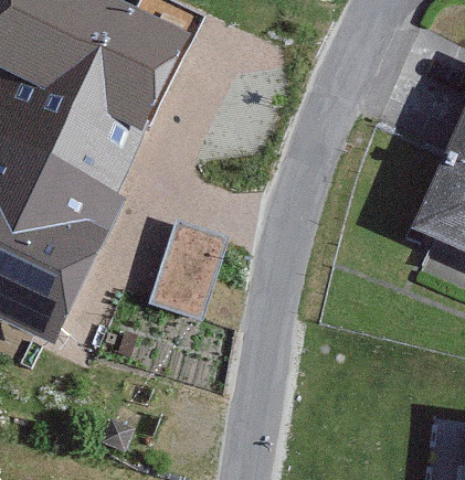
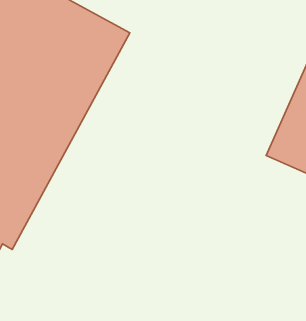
building: [155,204,236,309] -> none

